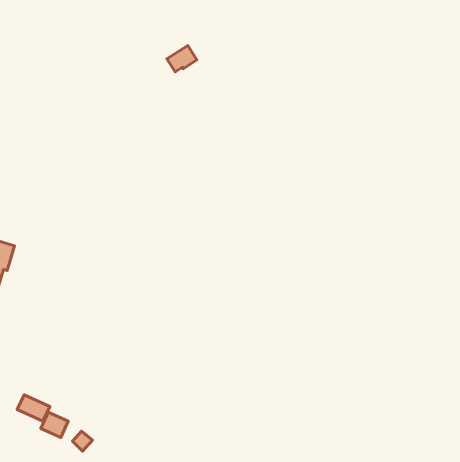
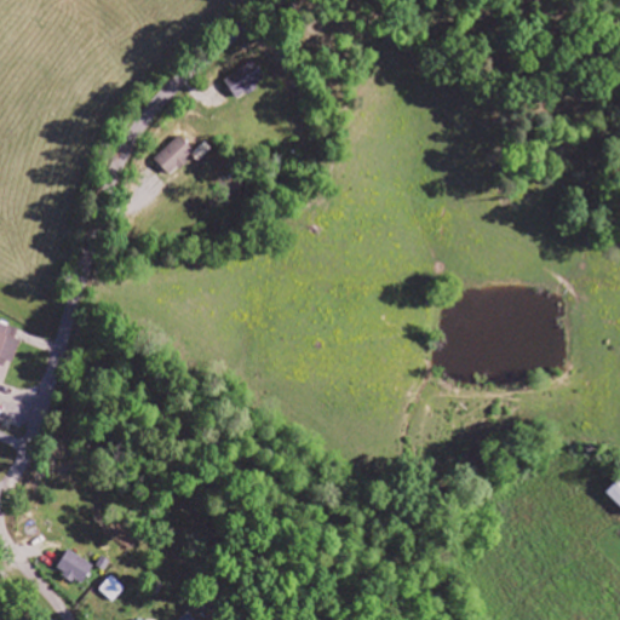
building: none -> [151,134,193,174]
building: [17,395,50,421] -> none

